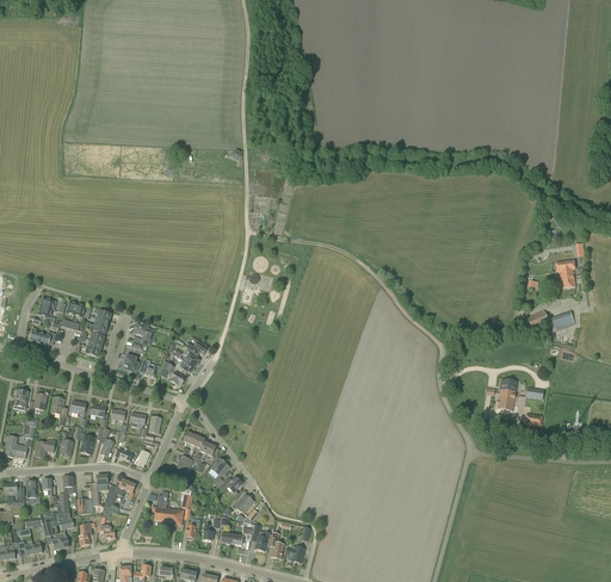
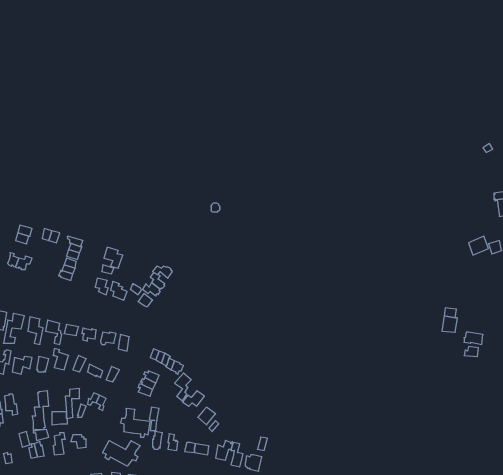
building: none -> [103,441,140,466]

